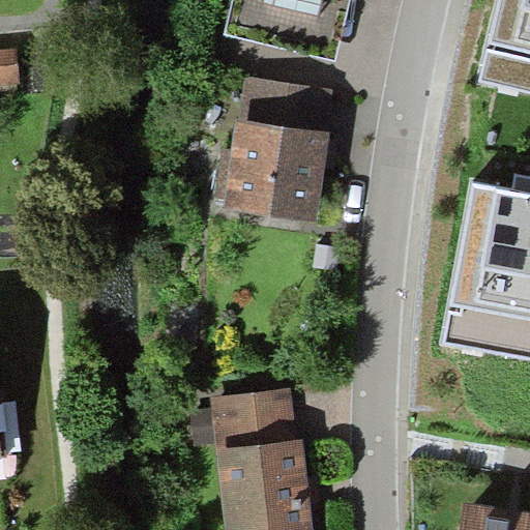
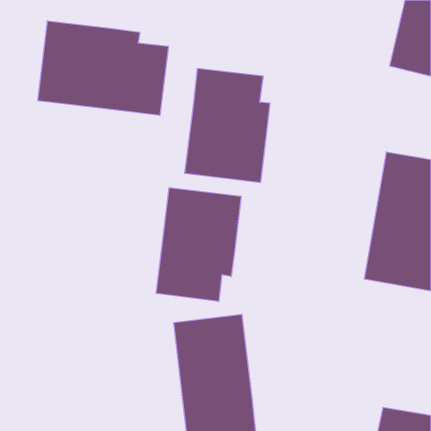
building: none -> [38,21,169,116]
building: none -> [156,188,241,302]

